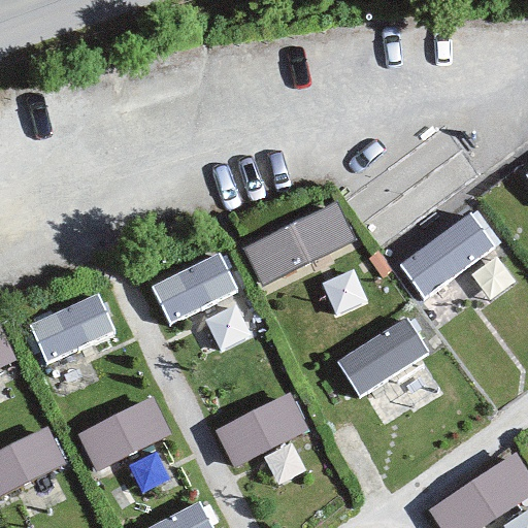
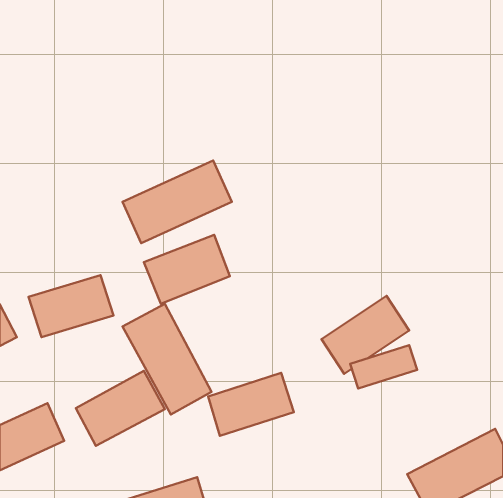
building: [243,202,358,289] -> [122,160,232,243]
building: [398,208,498,299] -> none
building: none -> [123,304,211,414]

